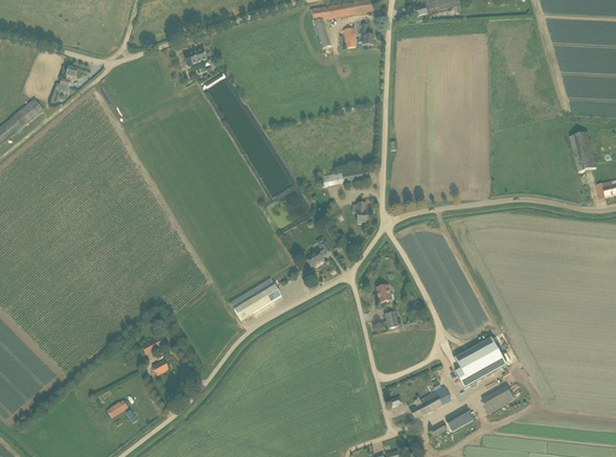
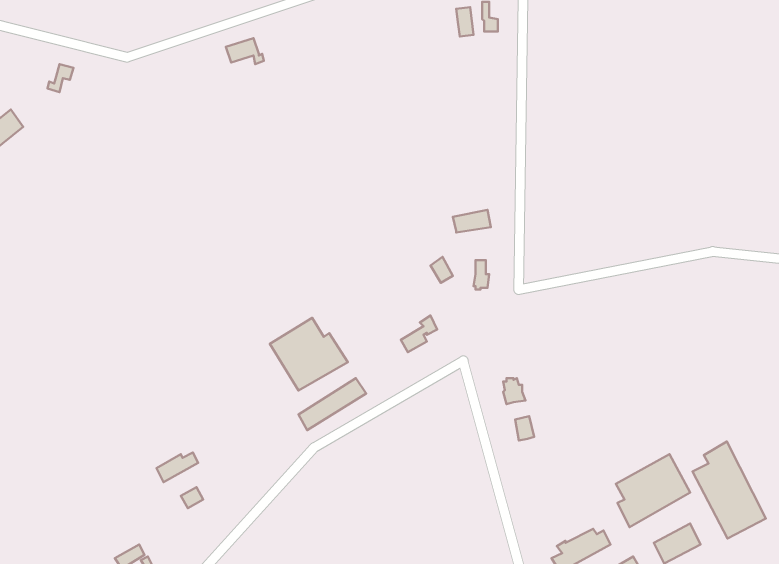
building: none -> [270,318,348,391]
building: none -> [693,442,766,539]

